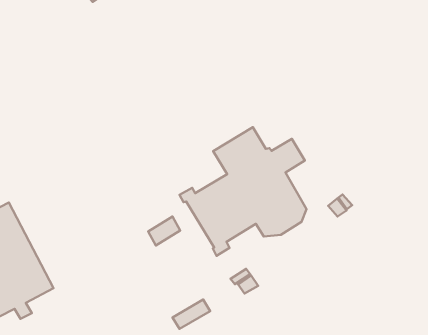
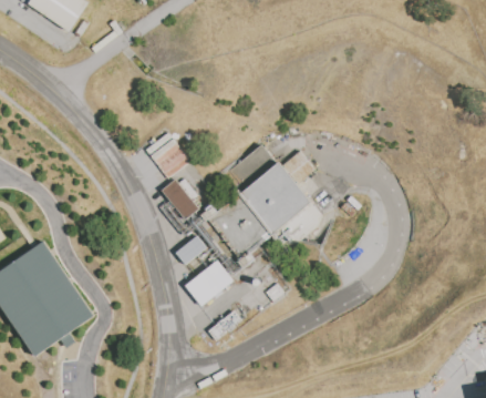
building: none -> [145,132,192,176]
building: none -> [157,178,199,220]
building: none -> [184,259,234,307]

